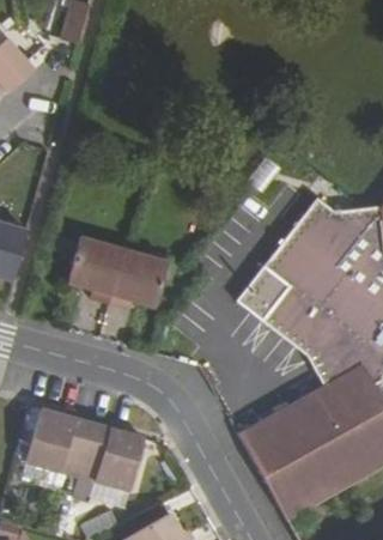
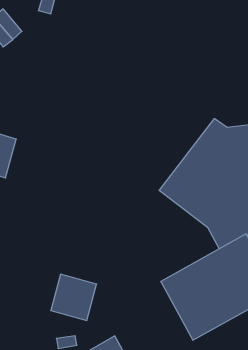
building: [67,236,168,309] -> none
building: [25,409,92,492] -> none

